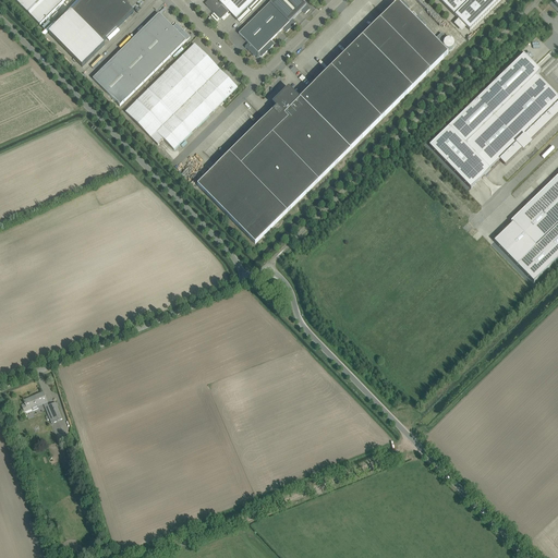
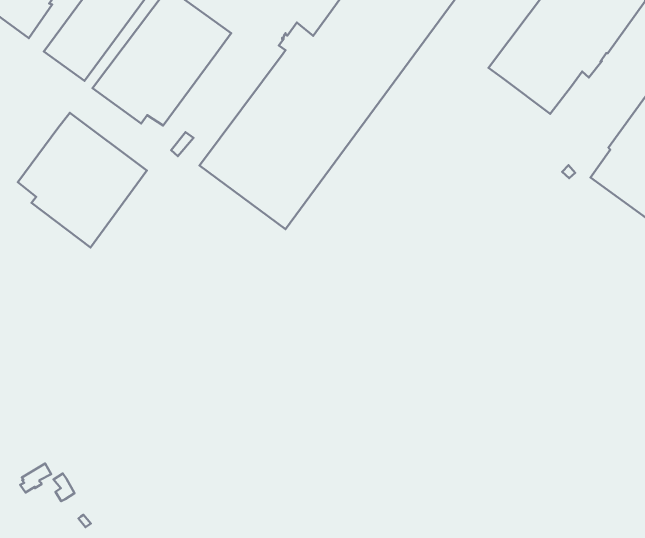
building: none -> [18,113,147,247]

